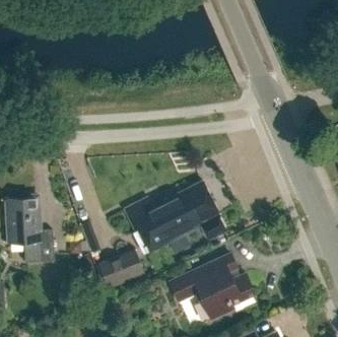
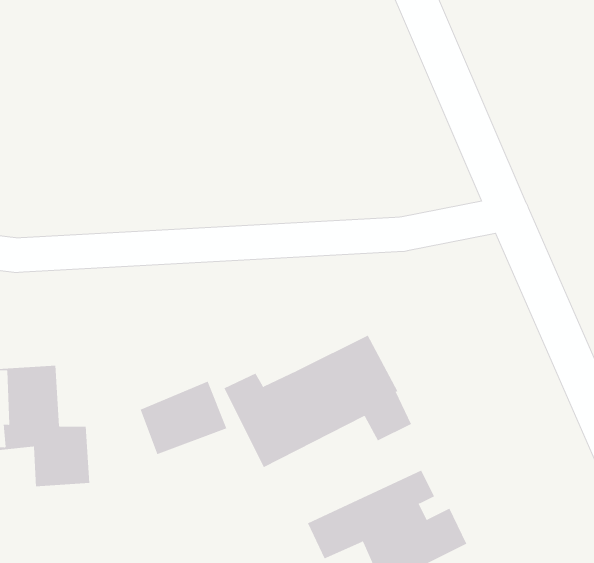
building: [98,249,145,288] -> [140,381,227,455]

